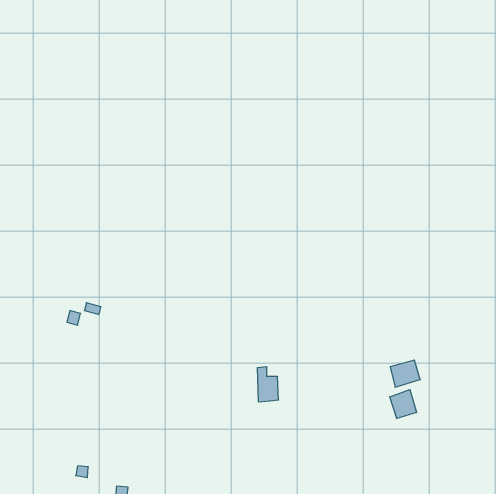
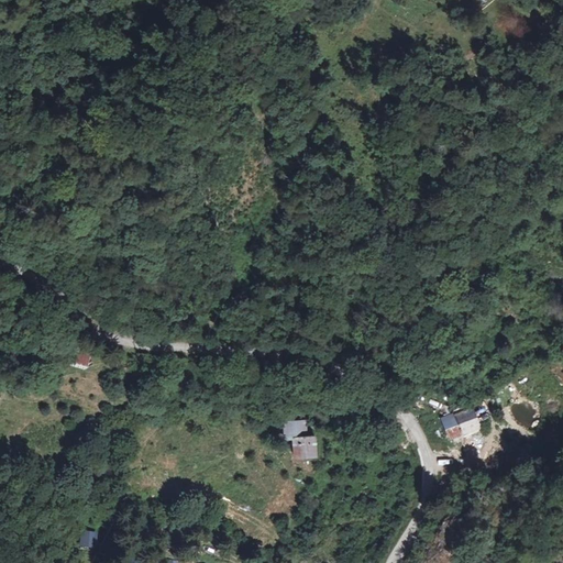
building: [390,390,417,419] -> none

